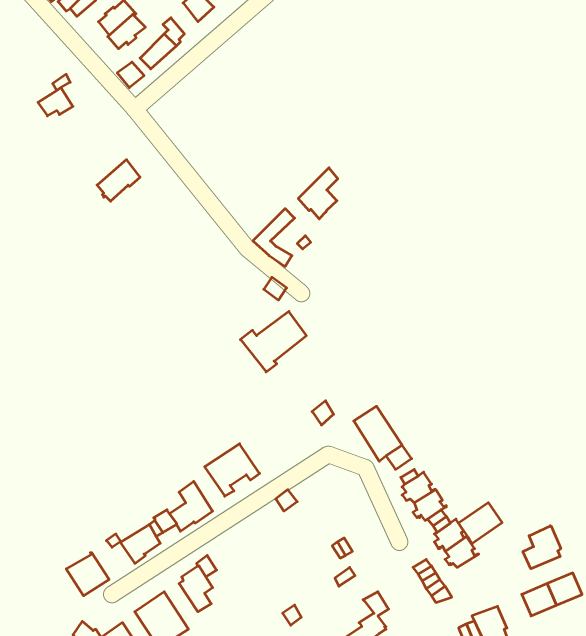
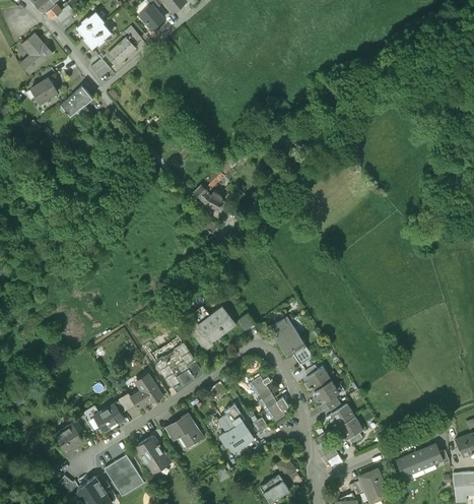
building: none -> [21,33,52,73]
building: [97,160,140,201] -> [60,83,92,115]
building: [298,168,338,219] -> none
building: [240,311,306,372] -> [186,306,235,352]
building: none -> [251,376,288,421]
building: [458,503,502,544] -> none
building: none -> [218,403,254,454]
building: [523,526,561,569] -> none
building: none -> [164,414,202,448]

